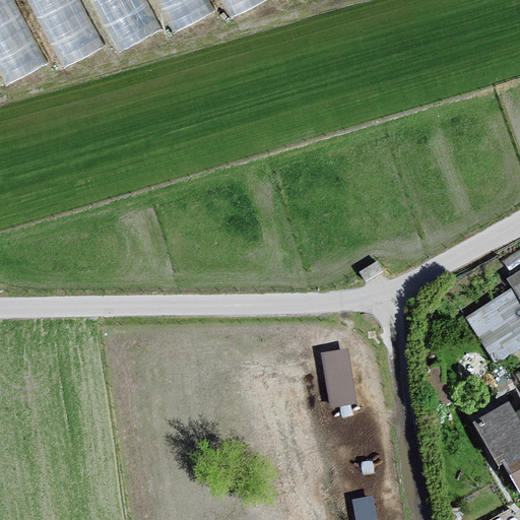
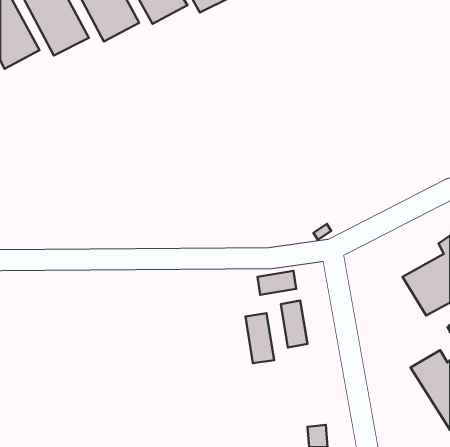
building: none -> [257,271,296,295]
building: none -> [245,313,274,363]

